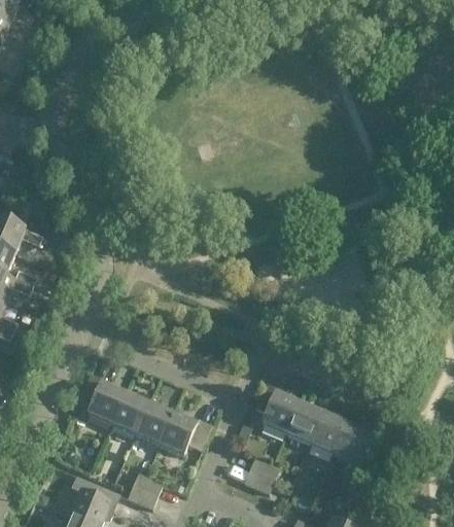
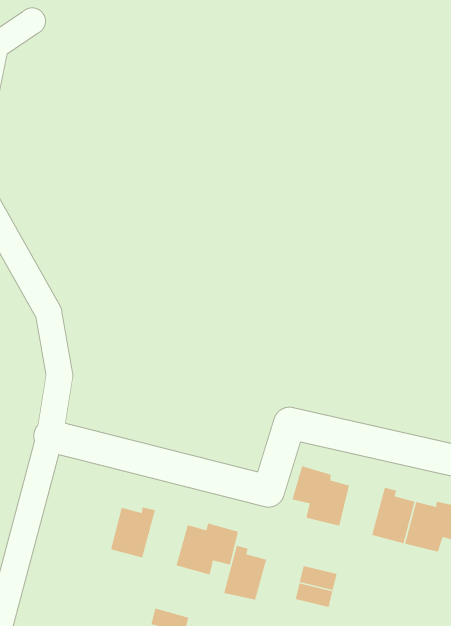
building: [78,375,124,425] -> none
building: [134,400,171,445] -> [223,545,267,601]
building: [285,405,323,445] -> none

